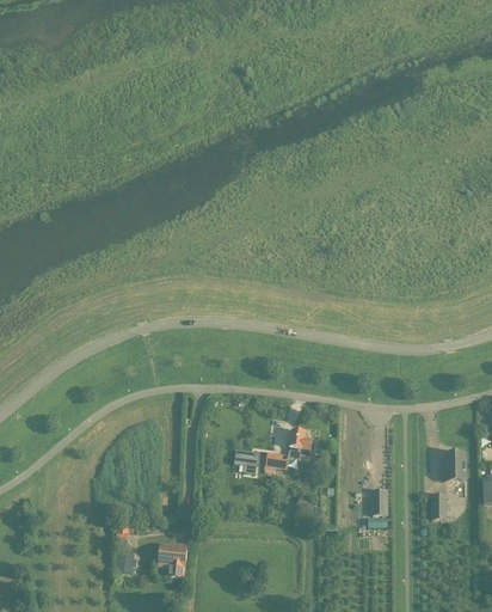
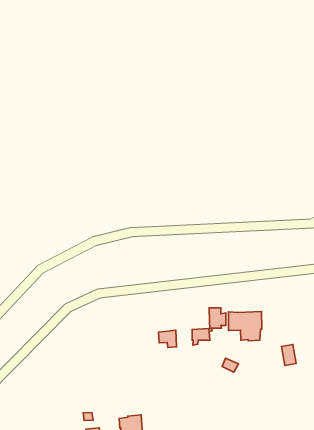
building: none -> [229,312,262,341]

